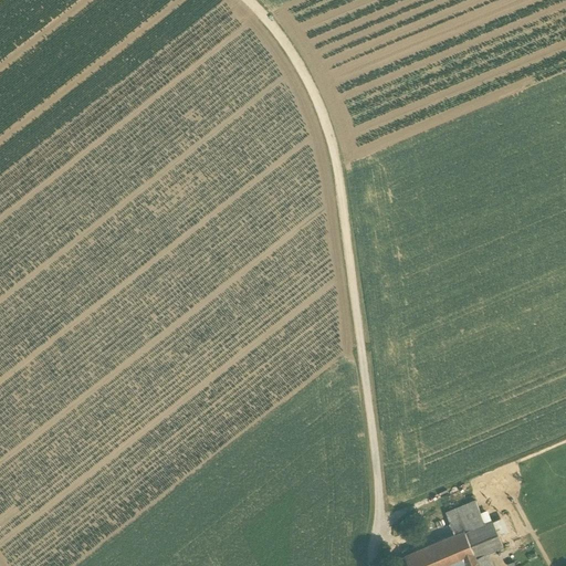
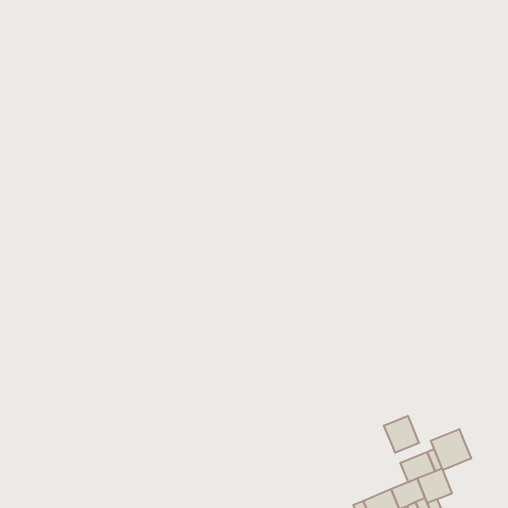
building: none -> [384,416,419,453]
building: none -> [431,429,471,470]

